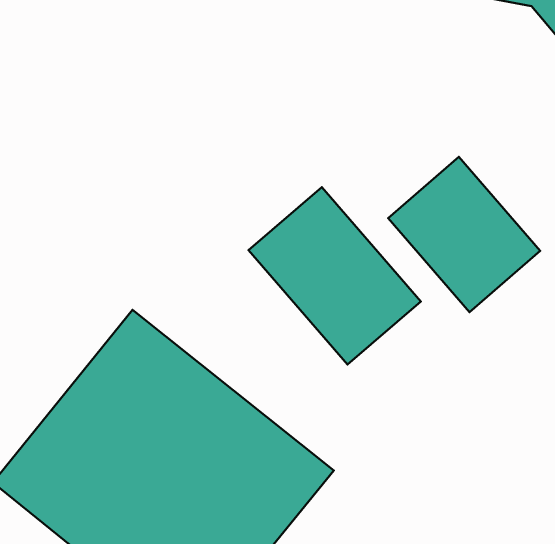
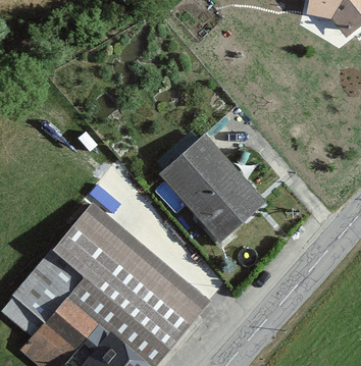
building: [388,157,540,312] -> none

